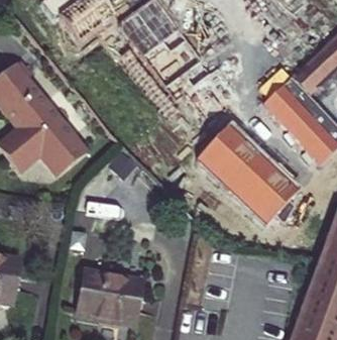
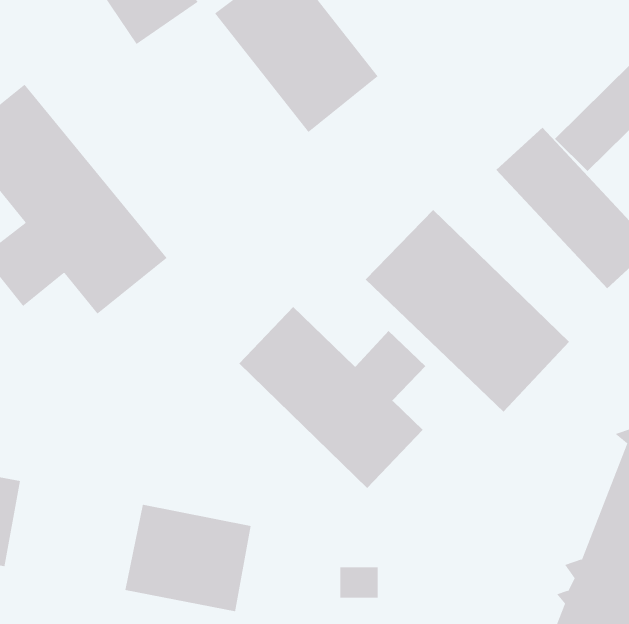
building: none -> [239,306,426,489]

